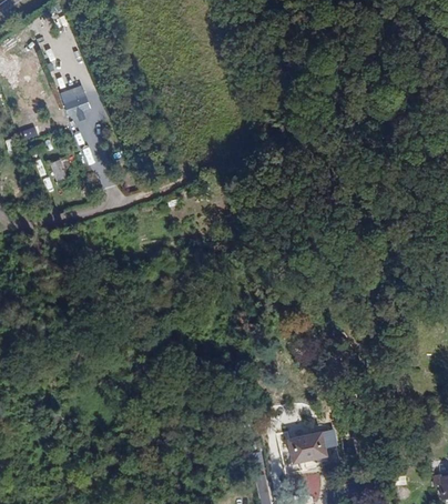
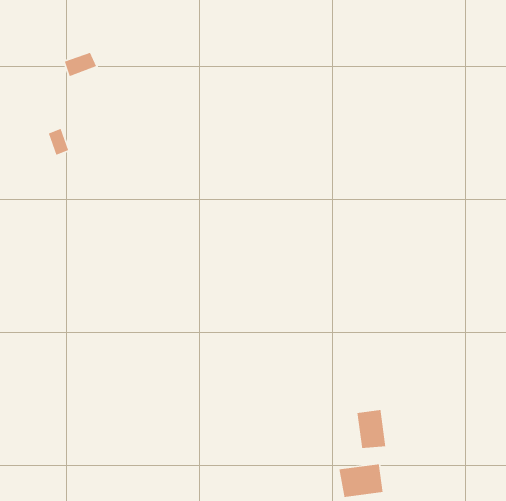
building: none -> [356,409,386,449]

